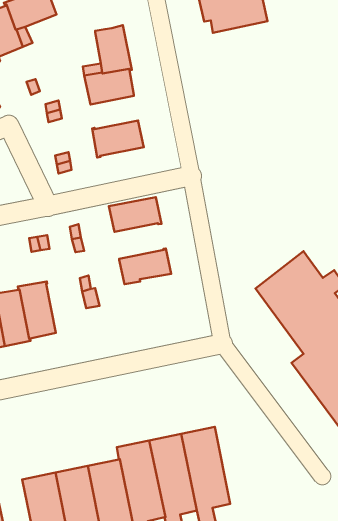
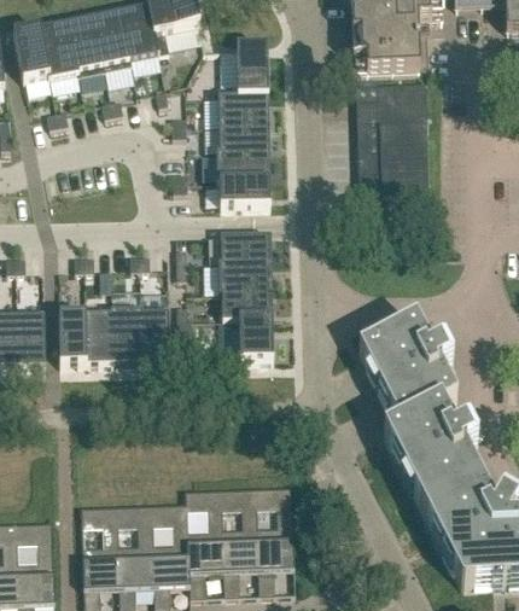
building: none -> [356,81,430,197]
building: none -> [218,123,269,152]
building: none -> [220,179,270,206]
building: none -> [217,262,269,293]
building: none -> [239,318,273,360]
building: none -> [140,306,169,362]

